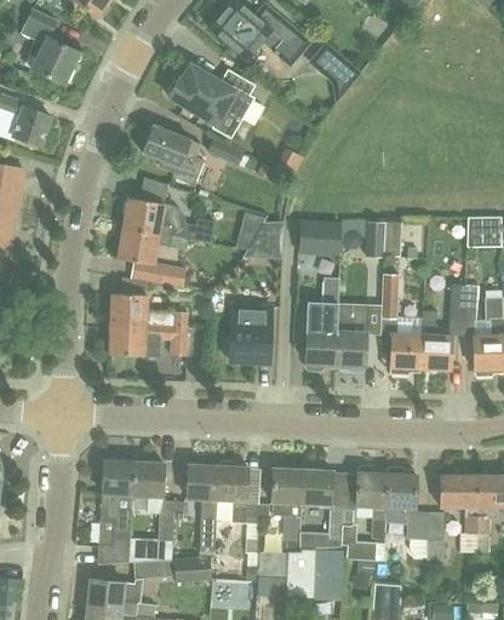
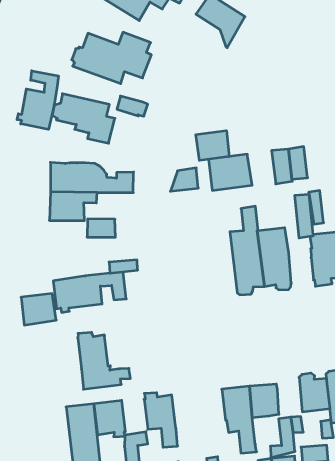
building: none -> [17,71,58,129]
building: none -> [196,131,229,160]
building: [110,293,145,323] -> [21,294,56,325]
building: [223,305,270,361] -> none
building: [216,460,268,522] -> [78,332,130,389]

